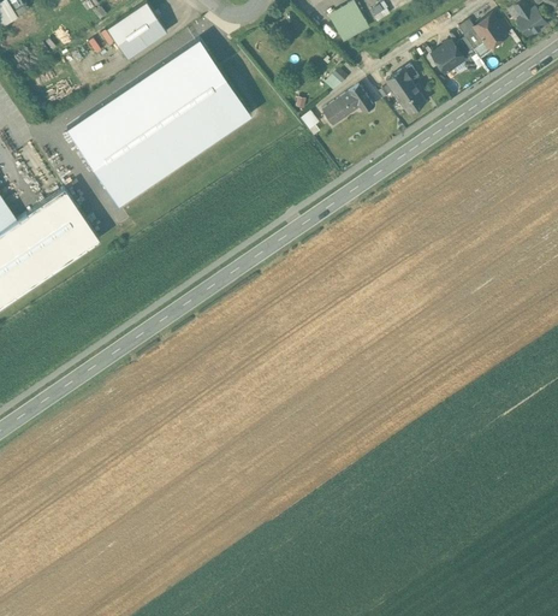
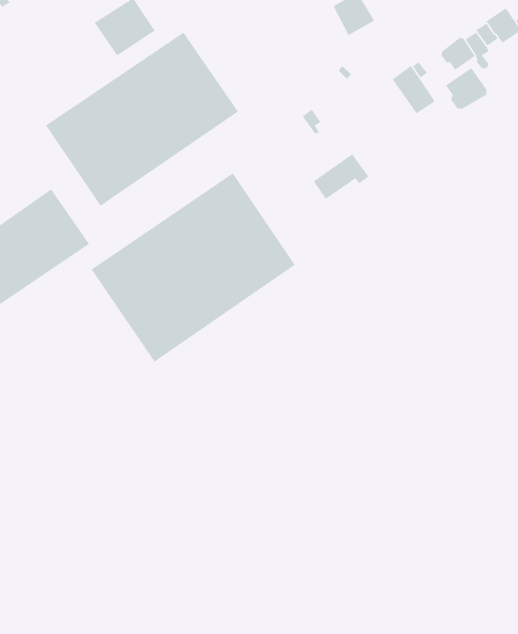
building: none -> [445,68,487,110]
building: [322,84,375,128] -> [313,153,369,200]
building: none -> [91,172,295,362]

